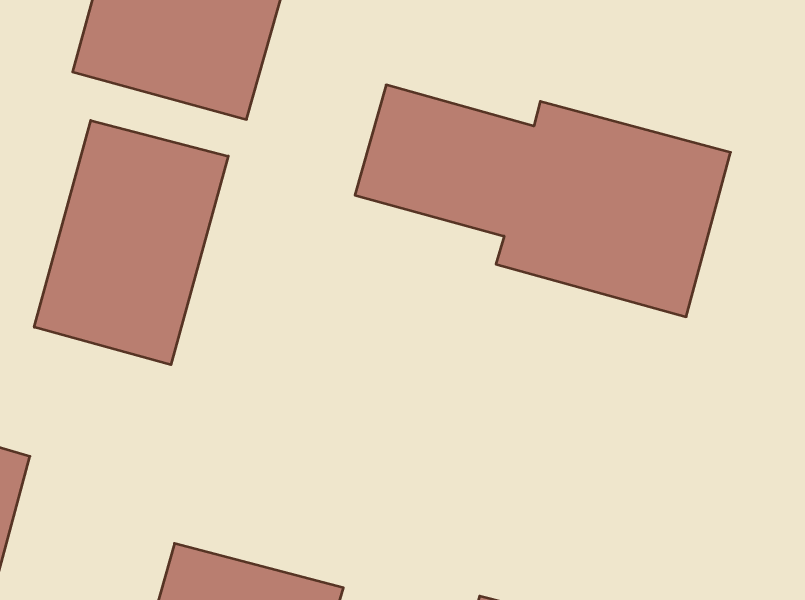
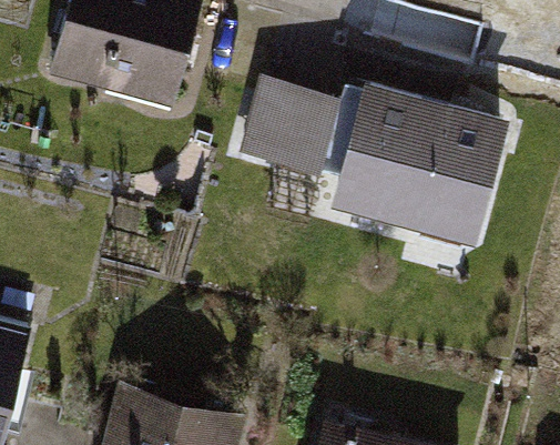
building: [34,120,228,365] -> none

